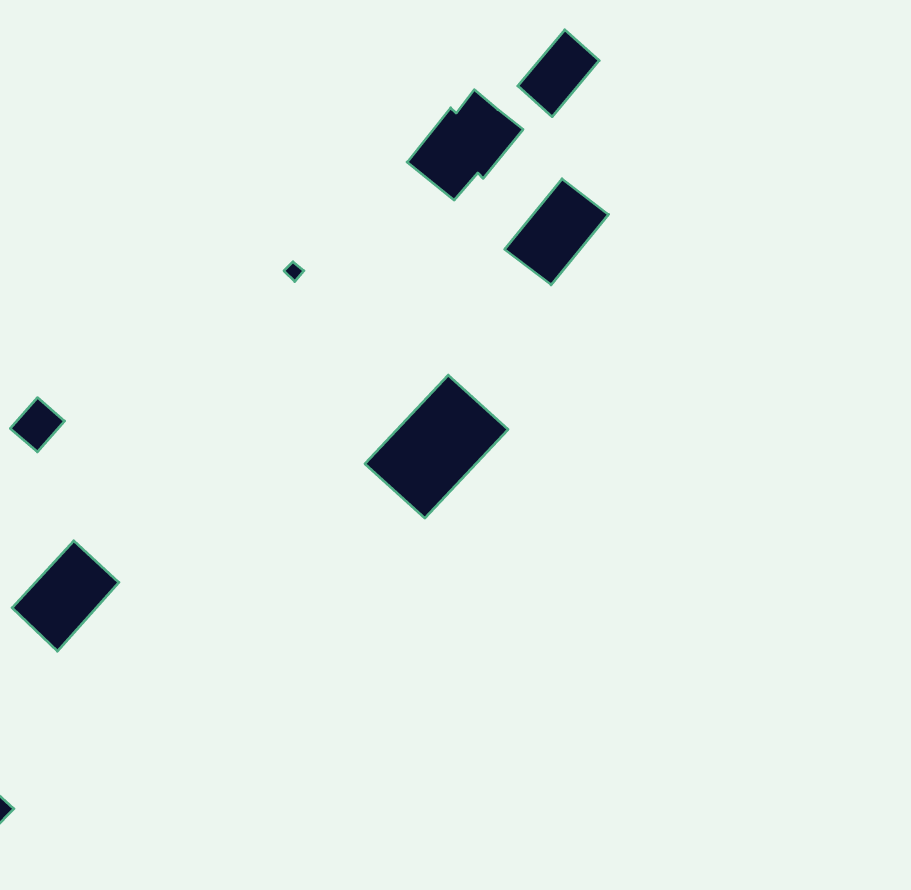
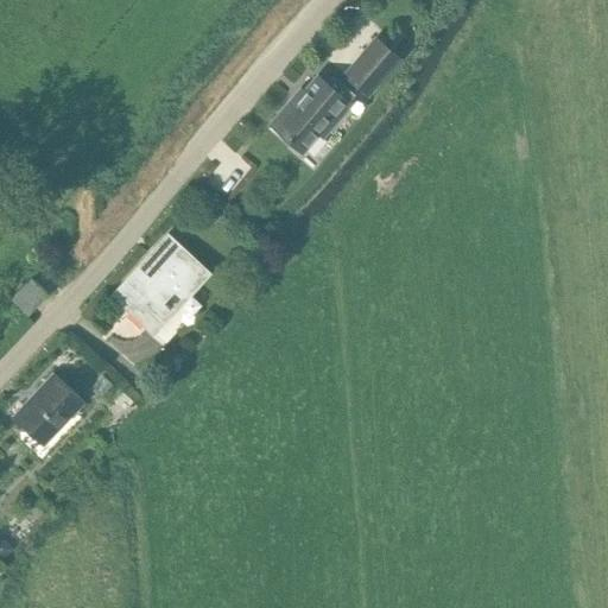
building: [505,179,609,285] -> none
building: [365,375,508,518] -> [114,239,208,332]

